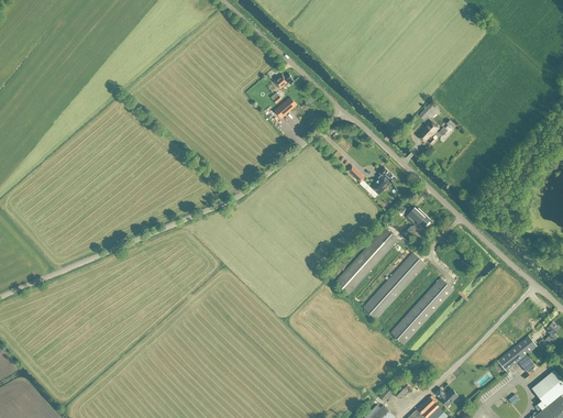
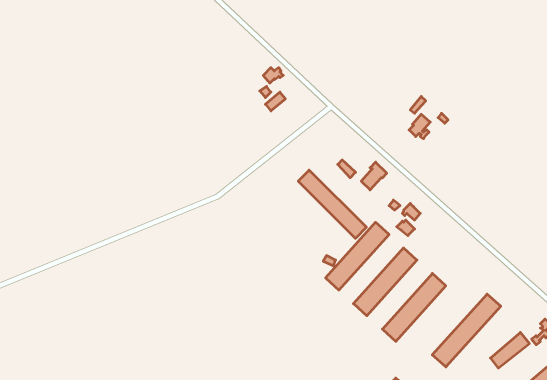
building: none -> [298,170,366,238]
building: none -> [432,294,501,367]

